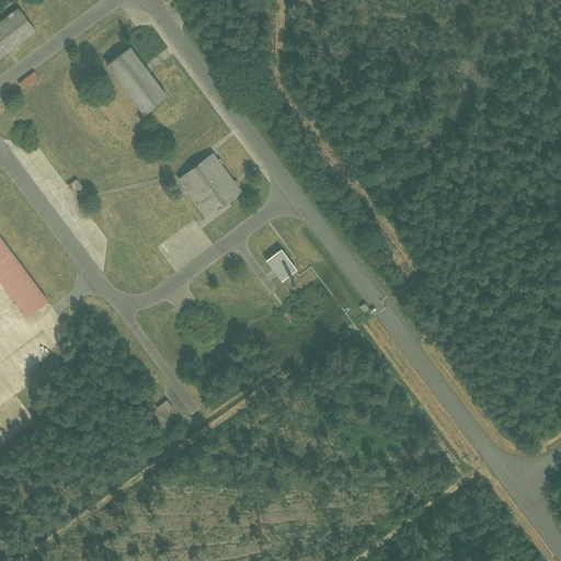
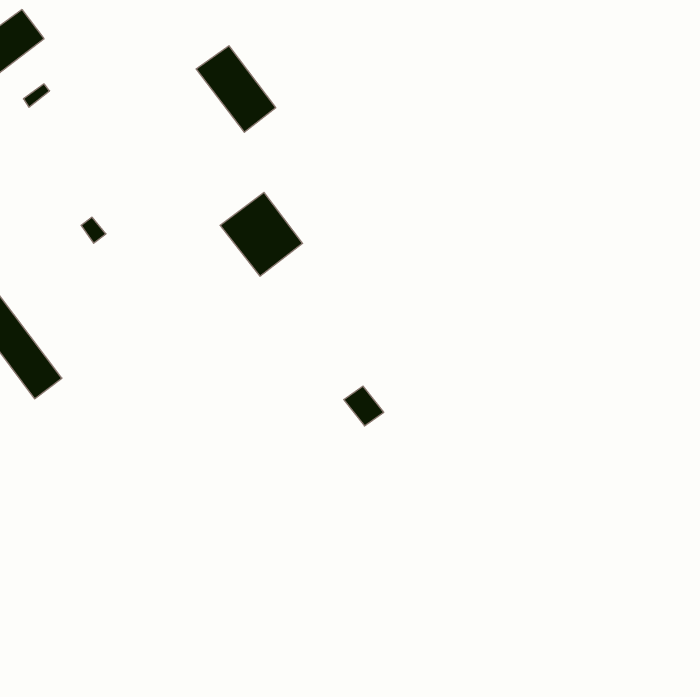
building: [103,45,167,114] -> [196,46,276,132]
building: [265,250,297,282] -> [344,386,384,426]

